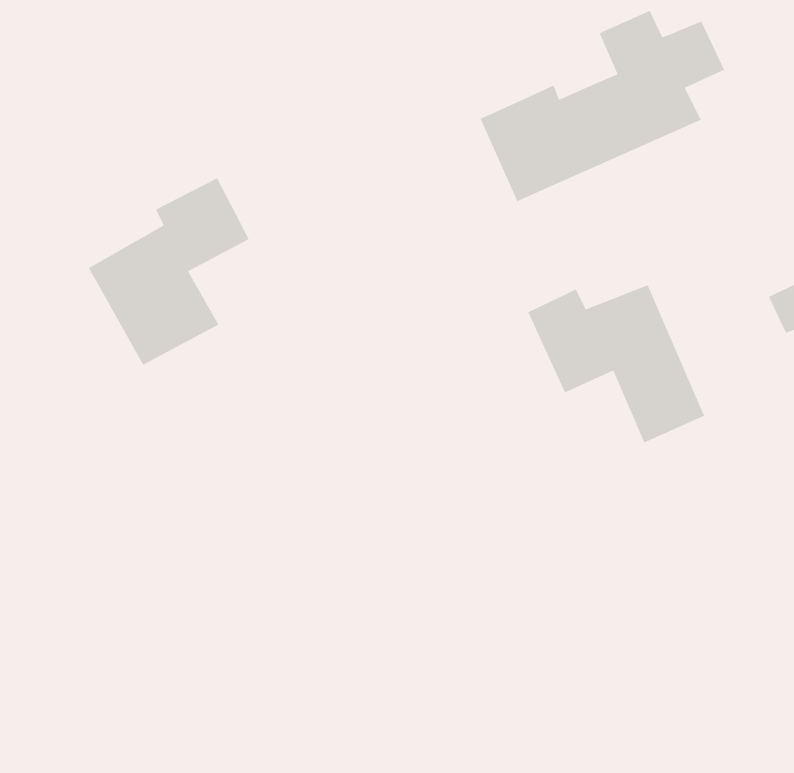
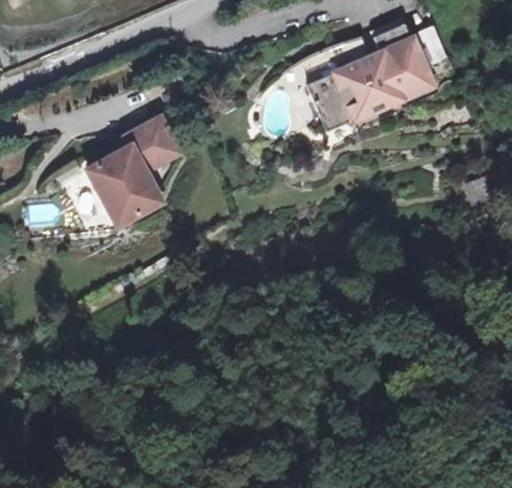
building: [527,284,705,444] -> none

